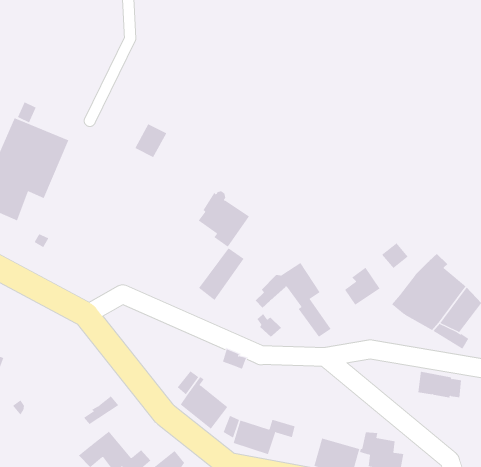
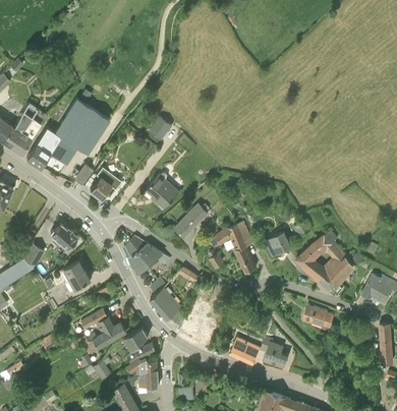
building: [198,191,250,247] -> [147,173,180,210]
building: none -> [90,167,121,198]
building: none -> [126,236,170,273]
building: none -> [51,224,77,249]
building: none -> [61,262,91,291]

